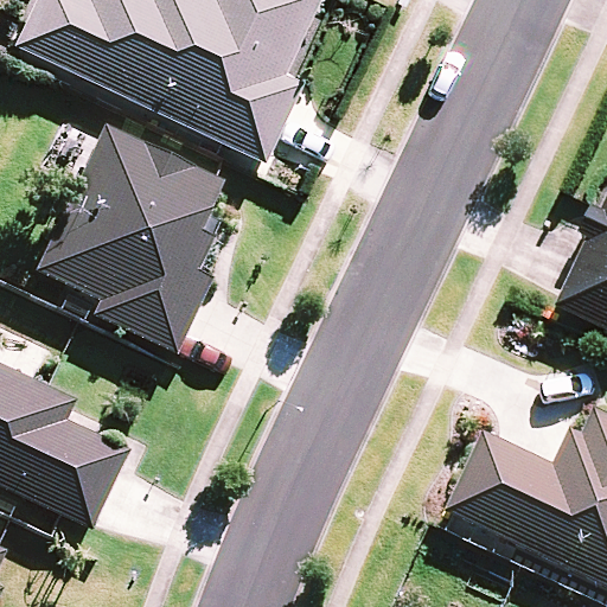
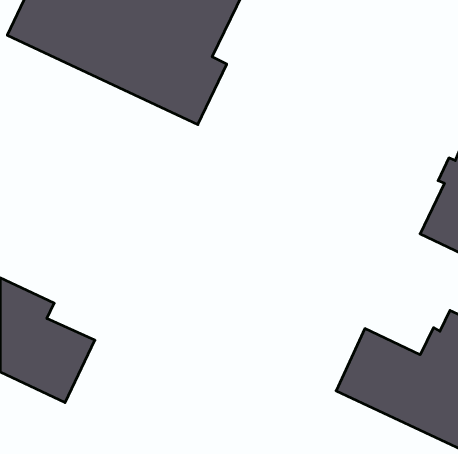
building: [34,122,222,353] -> none

